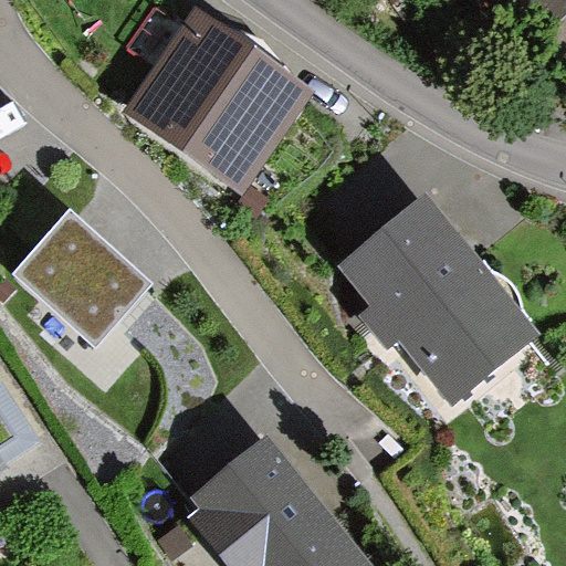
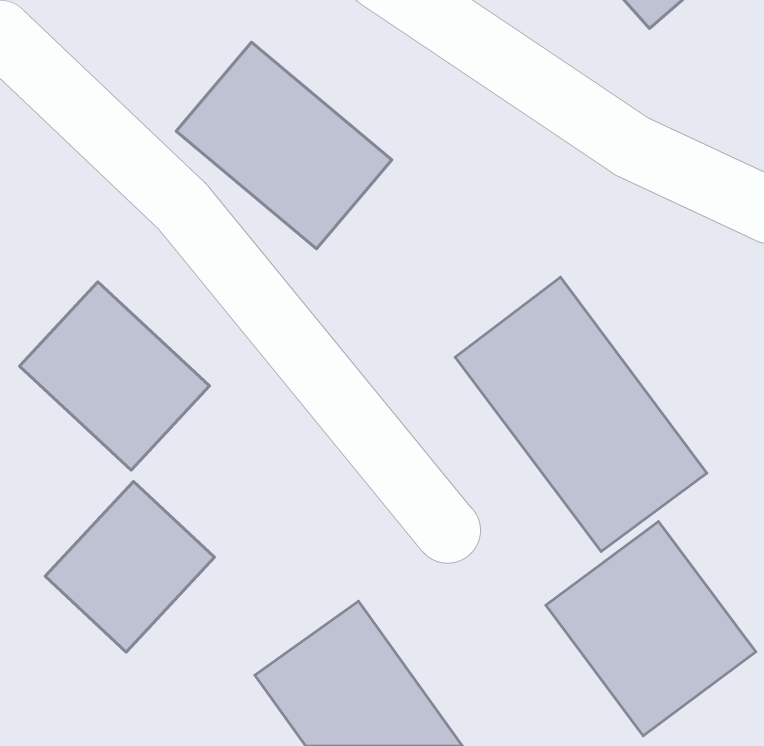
building: none -> [45,481,215,652]
building: none -> [546,521,756,736]

